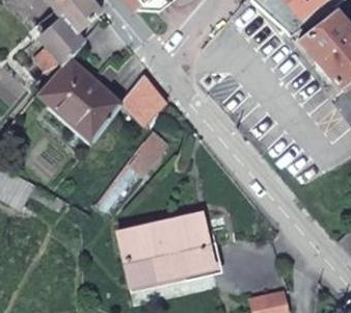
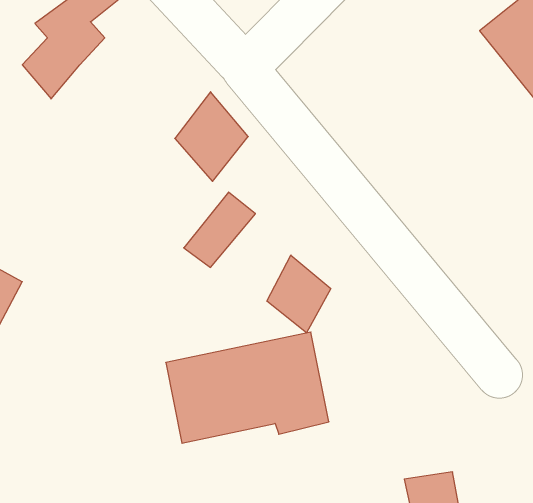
building: [41,57,122,139] -> none
building: none -> [267,255,331,333]

